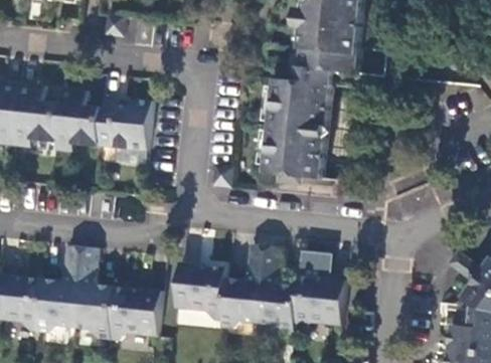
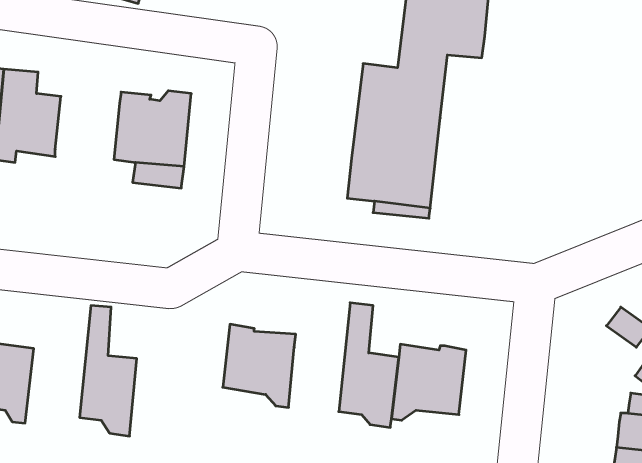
building: [56,87,103,152] -> none
building: [220,246,265,329] -> none
building: [36,247,83,334] -> none
building: [300,251,333,281] -> none
building: [110,287,162,342] -> none

